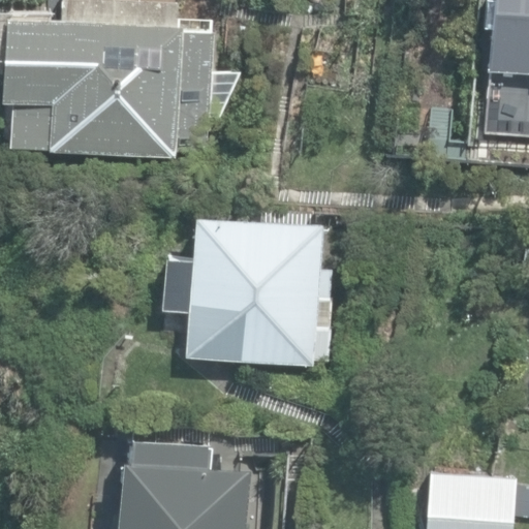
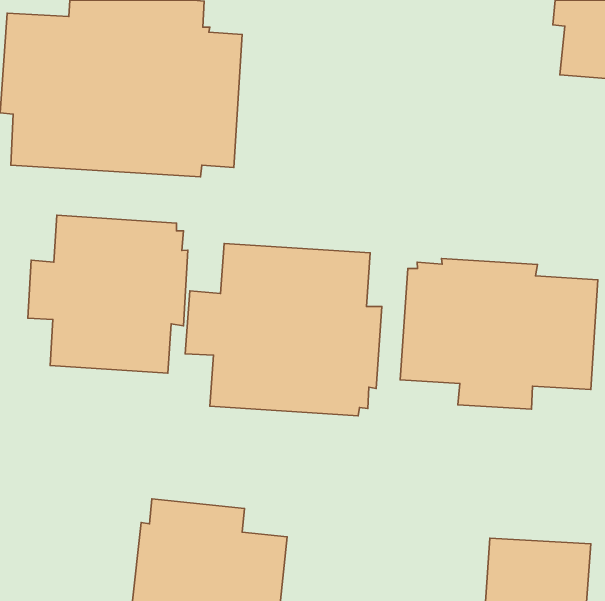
building: none -> [28,215,188,373]
building: none -> [400,259,598,409]

